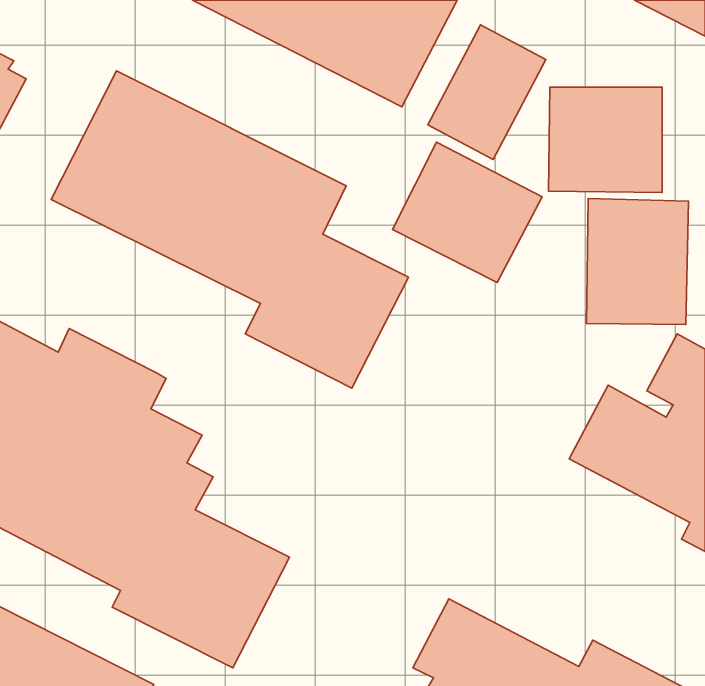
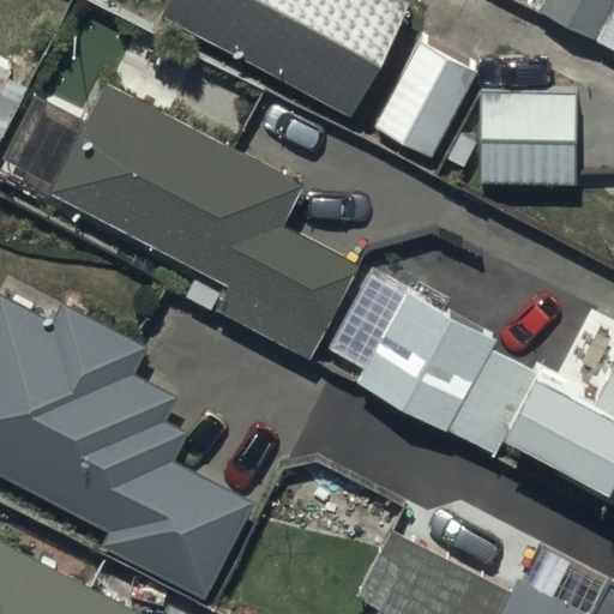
building: [393,142,542,282] -> none
building: [586,198,689,325] -> none
building: none -> [356,288,519,447]

